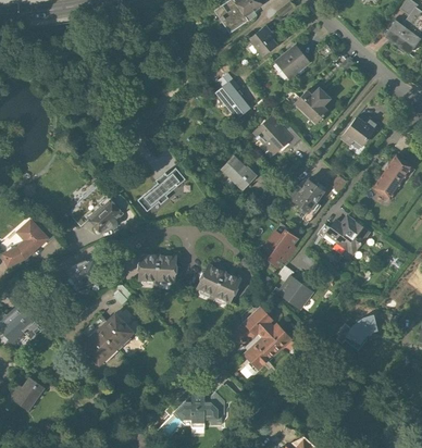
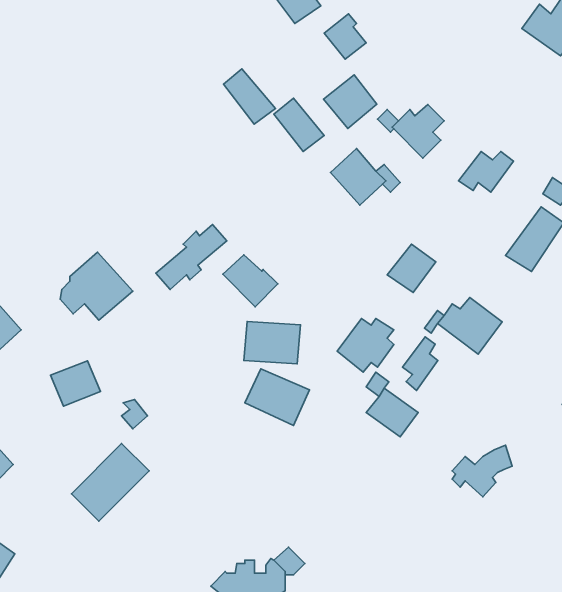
building: [274,43,310,79] -> [324,75,377,128]
building: none -> [223,69,276,124]
building: [221,157,258,191] -> [223,255,278,307]
building: none -> [402,337,438,390]
building: [138,253,176,282] -> [244,322,301,364]
building: [245,308,289,368] -> none

